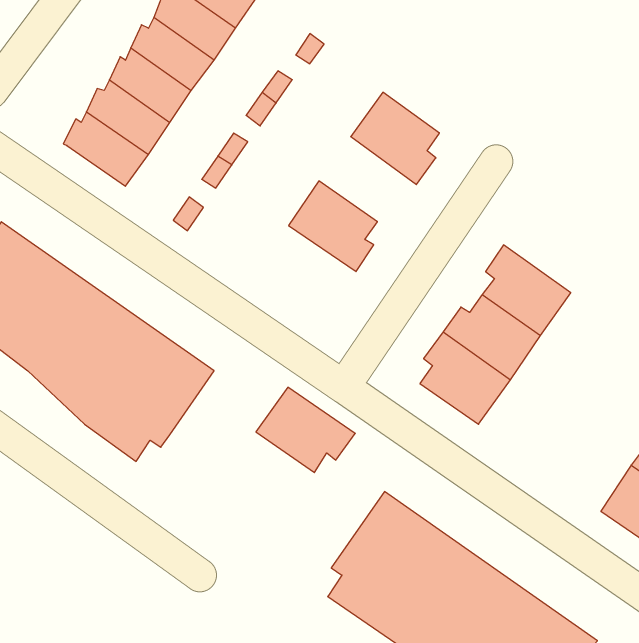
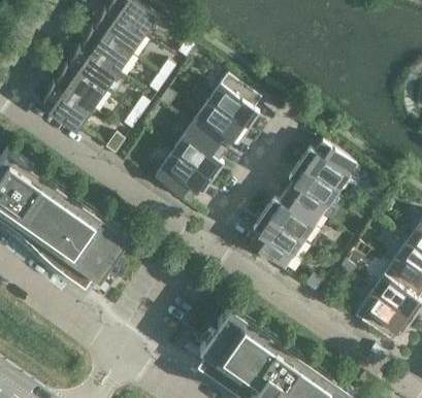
building: none -> [191,100,248,150]
building: none -> [298,140,356,191]
building: [256,387,355,473] -> [155,152,213,201]

